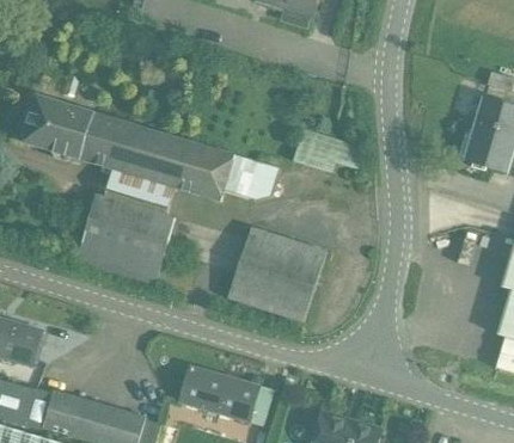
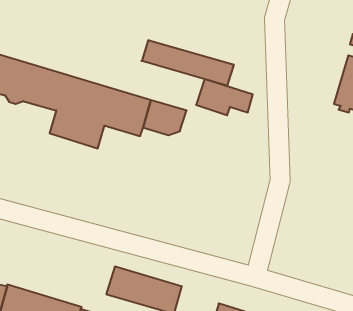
building: none -> [141,40,234,86]
building: [78,195,176,285] -> none
building: [230,227,328,321] -> none

